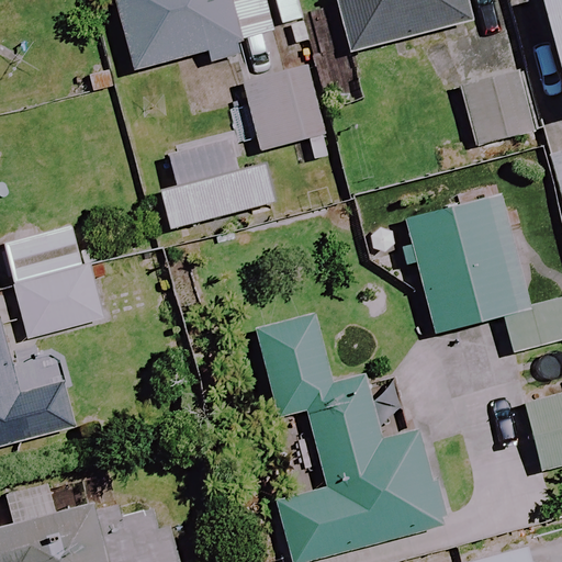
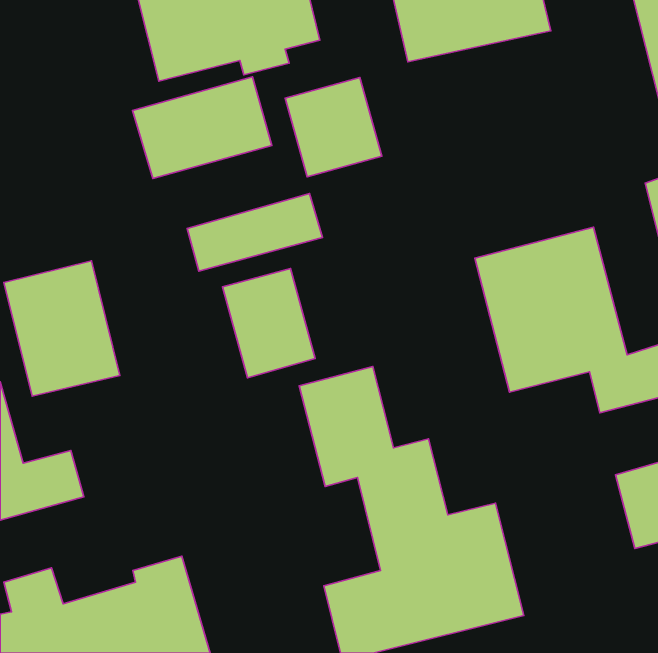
building: none -> [133,77,272,179]
building: [457,67,541,149] -> none
building: none -> [222,268,315,378]

